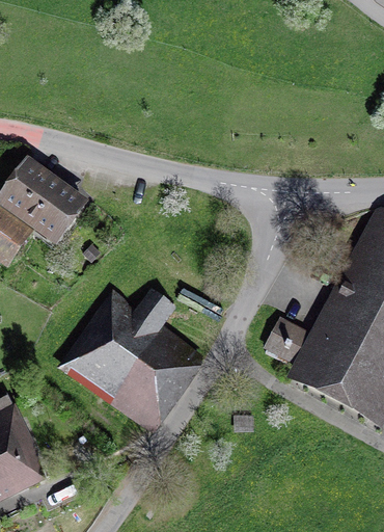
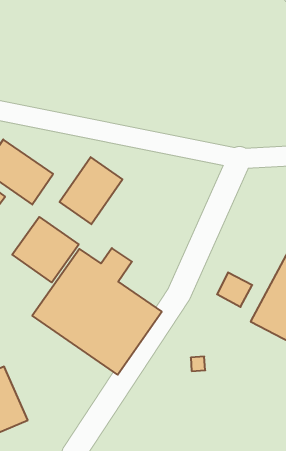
building: none -> [60,157,122,224]
building: none -> [12,217,79,282]

